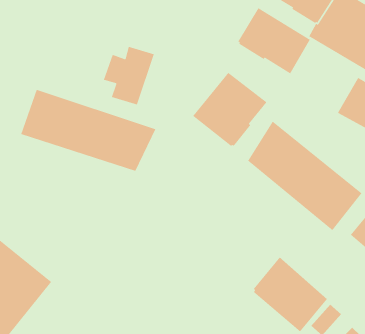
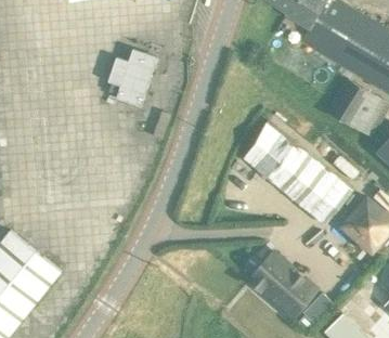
building: [237,7,311,74] -> none
building: [192,72,267,147] -> none
building: [20,89,157,172] -> none

